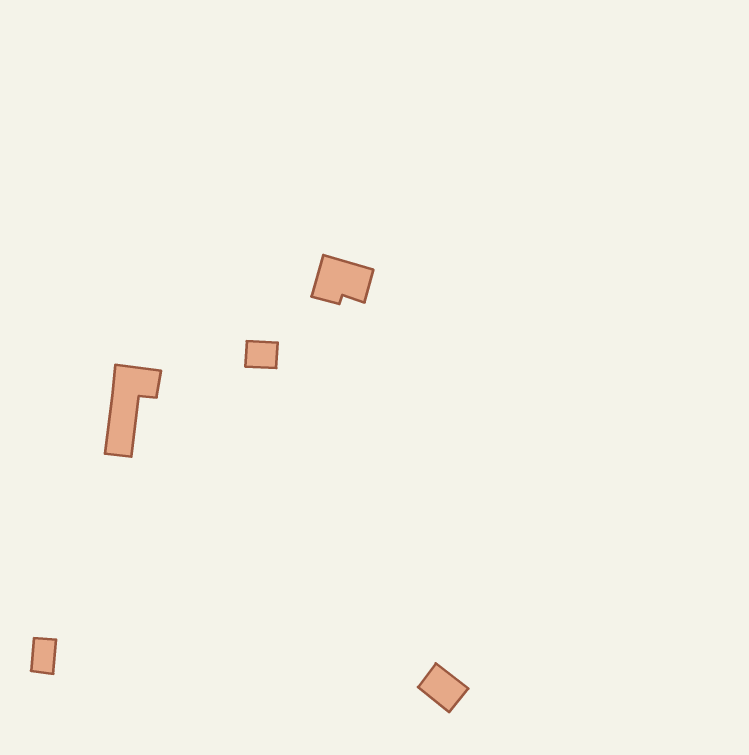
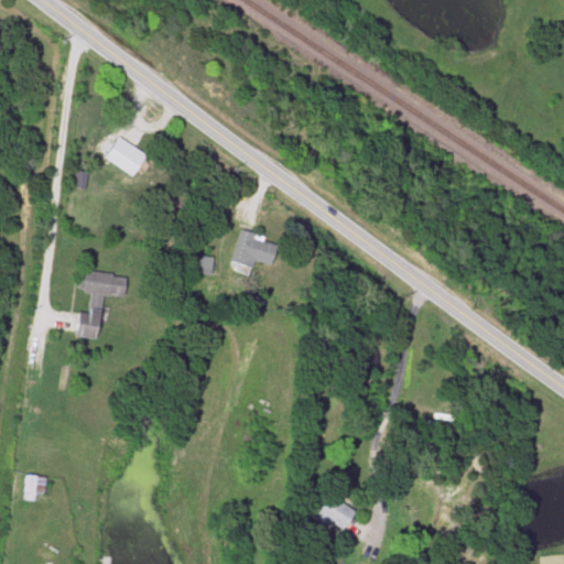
building: none -> [102,138,143,176]
building: [311,255,373,304] -> [230,230,276,267]

